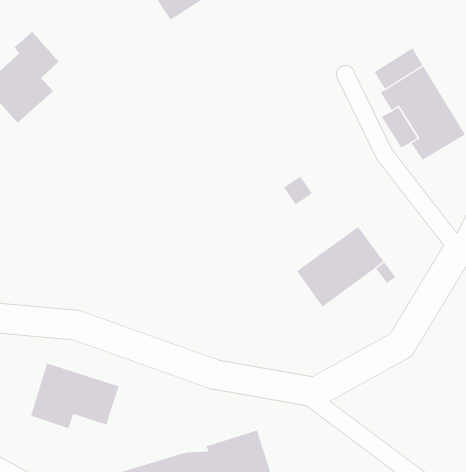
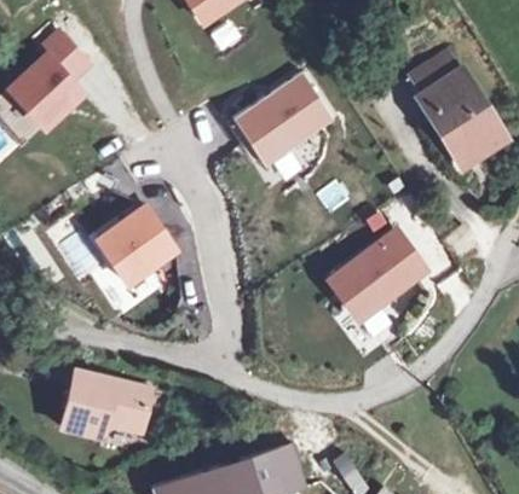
building: none -> [231,72,338,165]
building: none -> [98,207,177,284]

